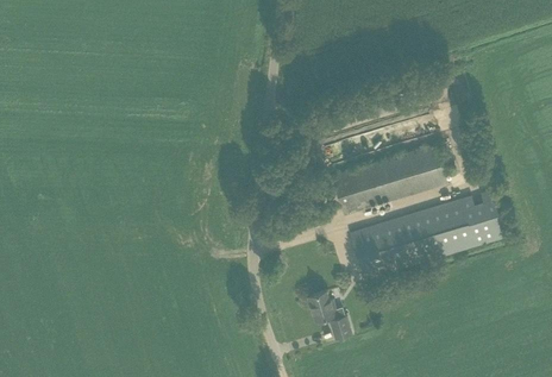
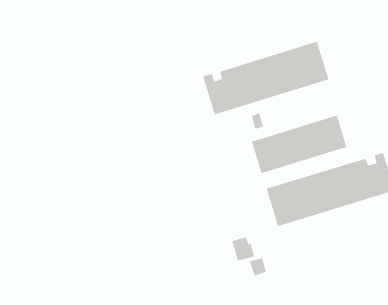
building: none -> [202,41,329,115]

